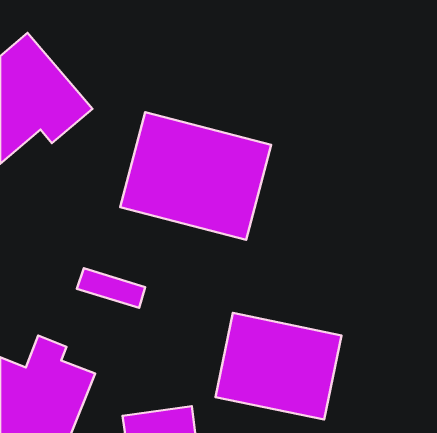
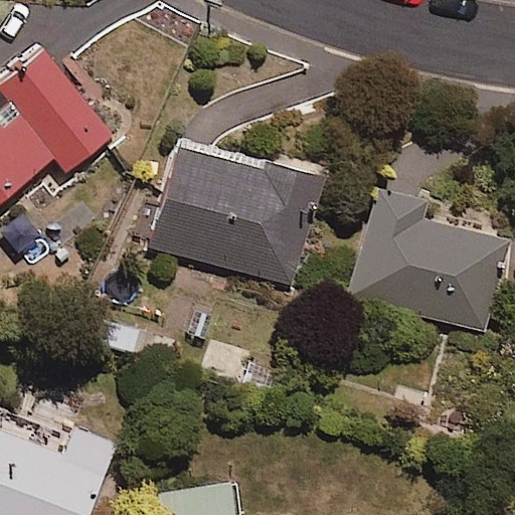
building: none -> [348,186,508,335]
building: [216,313,341,420] -> none

